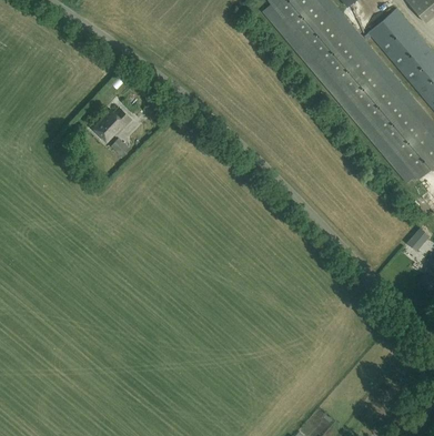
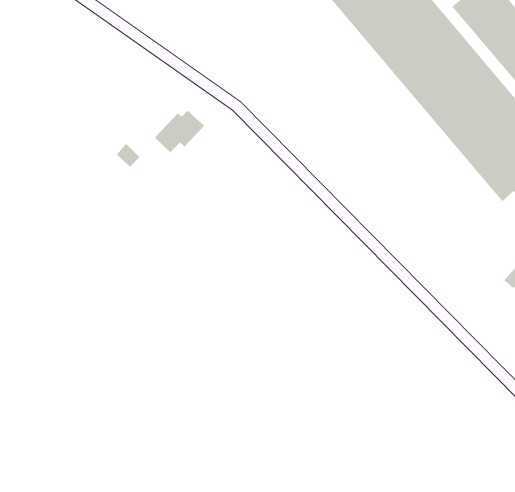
building: [93,108,132,141] -> [154,110,205,153]

